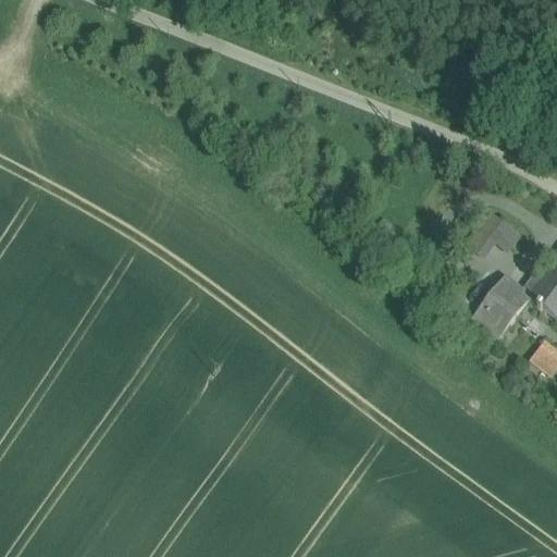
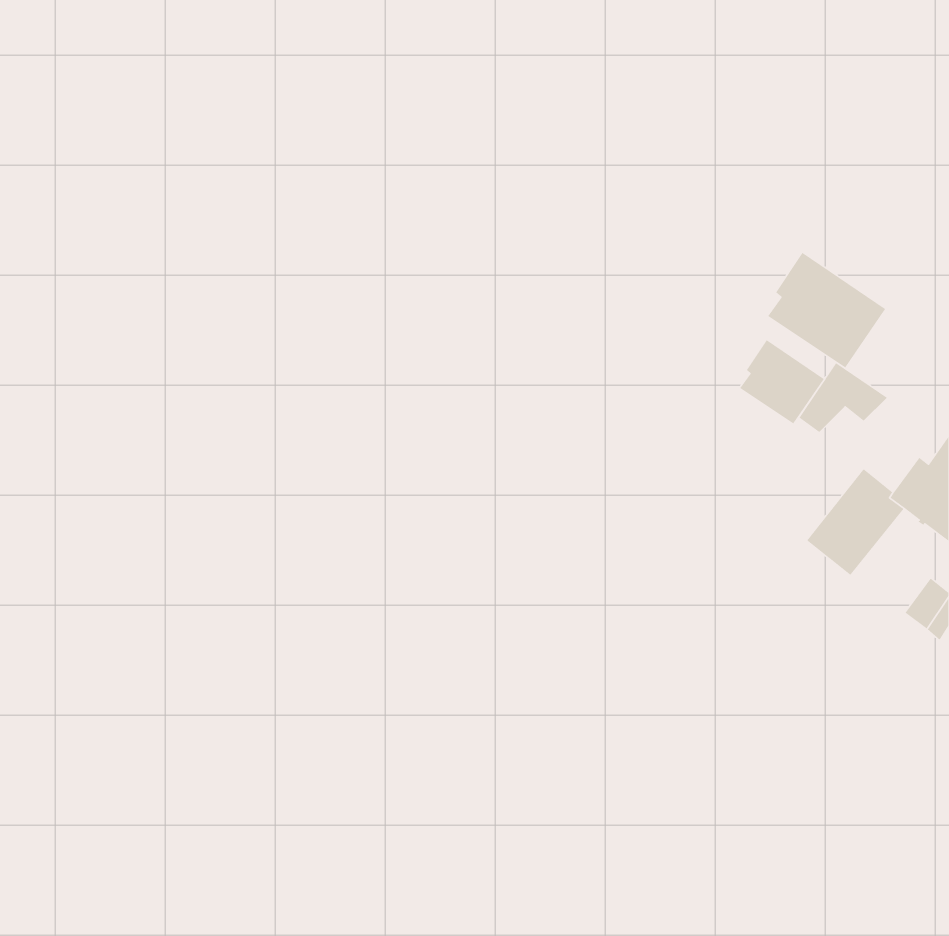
building: none -> [767,252,886,369]
building: none -> [739,339,825,424]

